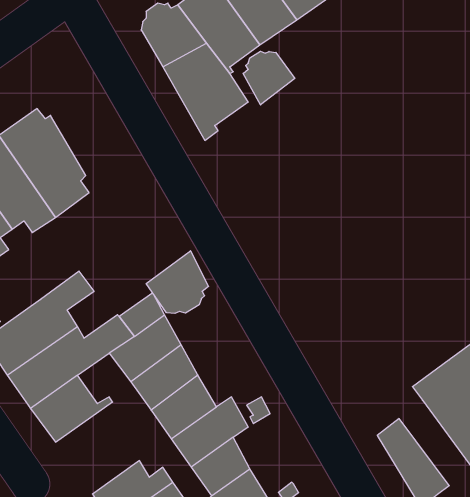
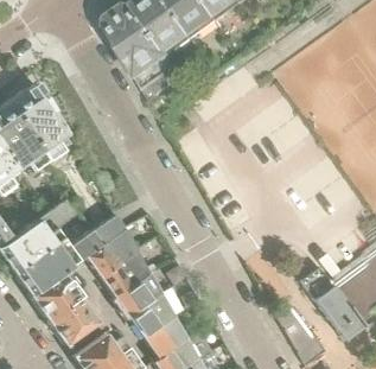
building: [243,51,295,105] -> none
building: [146,251,209,313] -> none
building: none -> [46,287,97,341]

